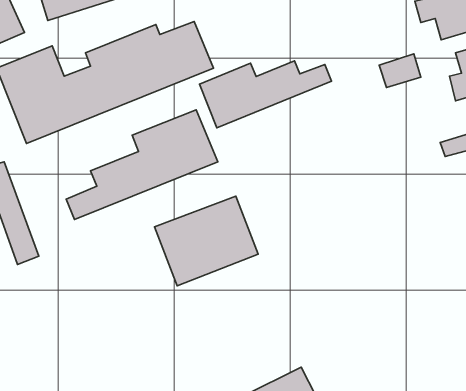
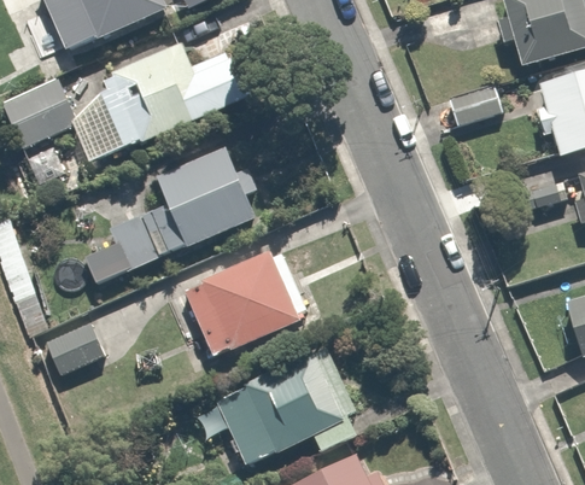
building: [200,61,332,128] -> none
building: none -> [45,317,104,373]
building: none -> [215,351,362,469]

